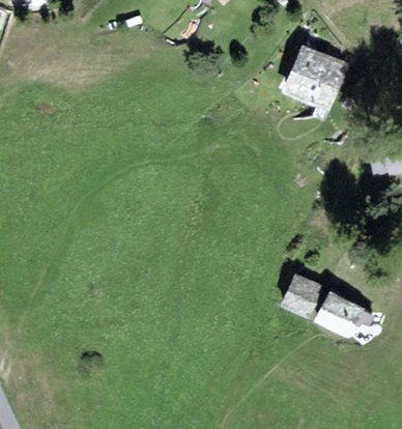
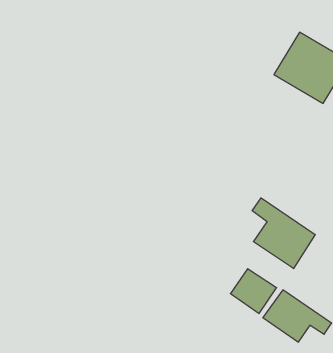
building: none -> [252,198,315,269]

